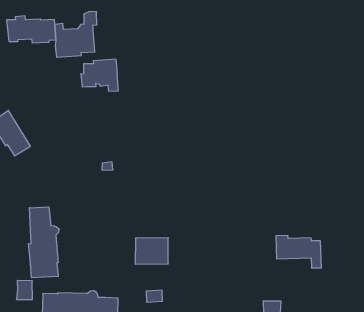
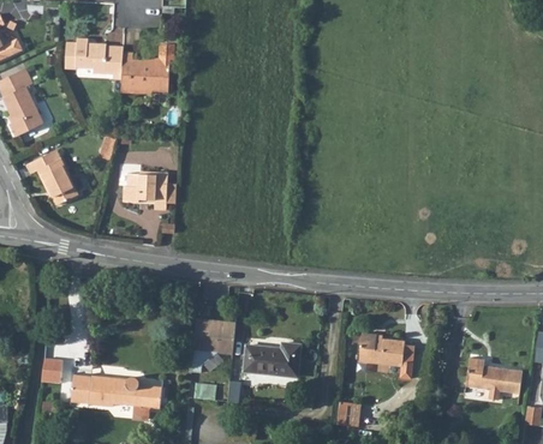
building: [81,59,118,91] -> [123,172,167,211]
building: [29,207,59,278] -> none
building: none -> [241,344,298,378]

